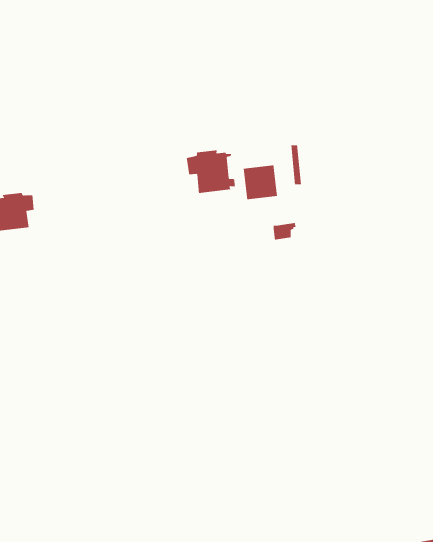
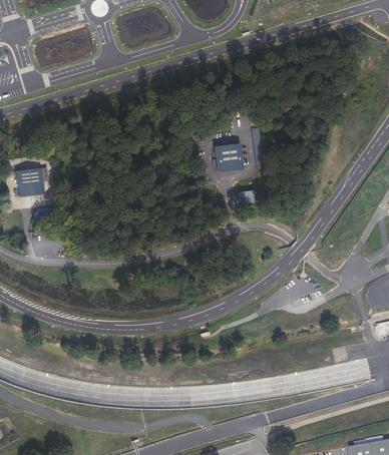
building: [186,149,235,194] -> none

